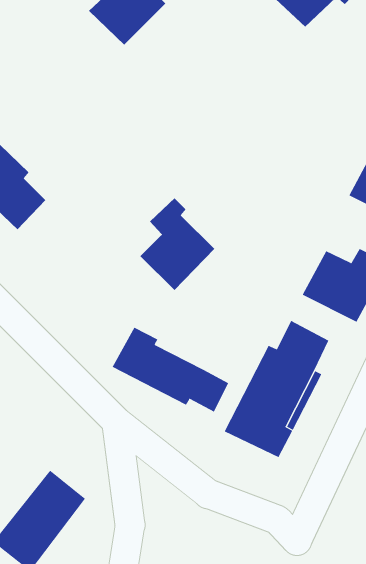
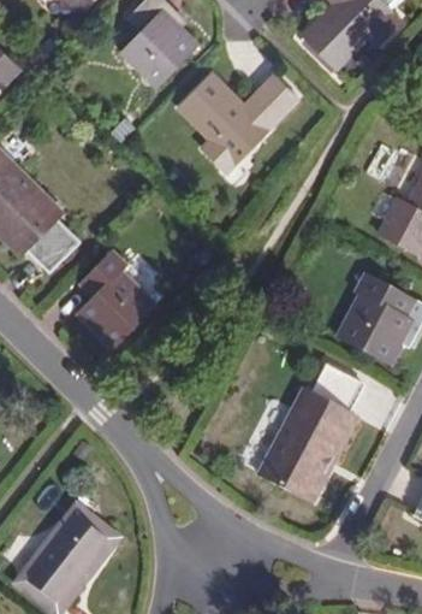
building: none -> [182,71,301,169]
building: [140,197,215,291] -> [81,254,156,348]
building: [112,327,229,412] -> none

